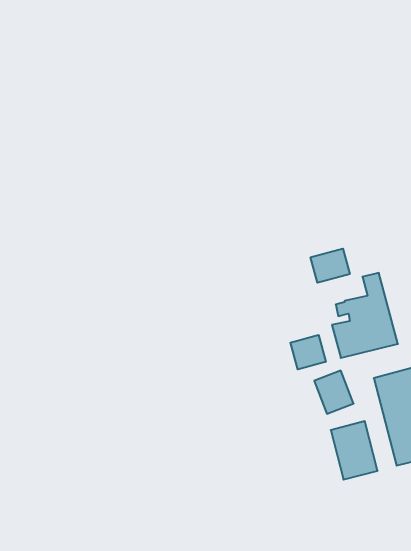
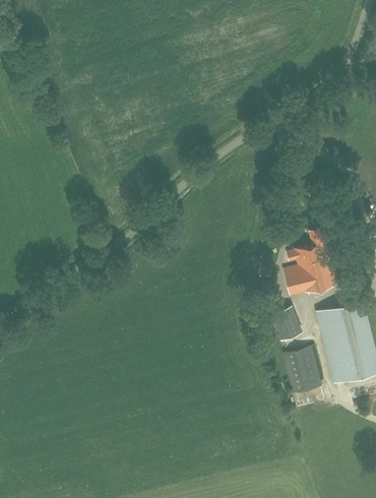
building: [311,249,350,283] -> none
building: [290,335,326,369] -> none

